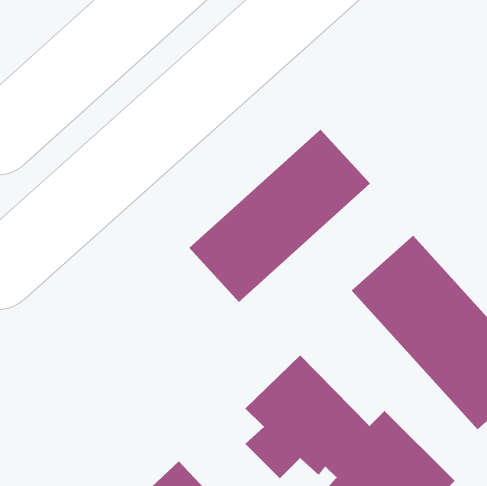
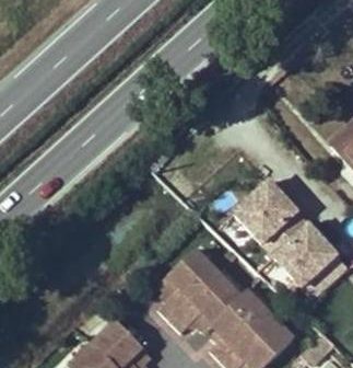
building: [189,129,371,303] -> none

